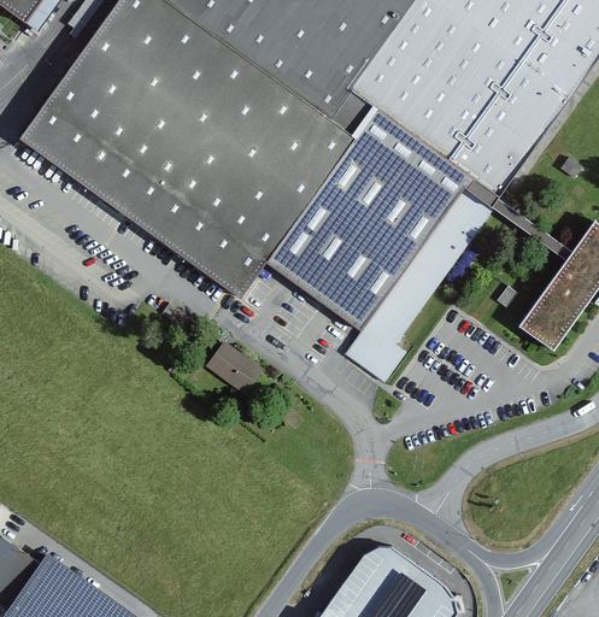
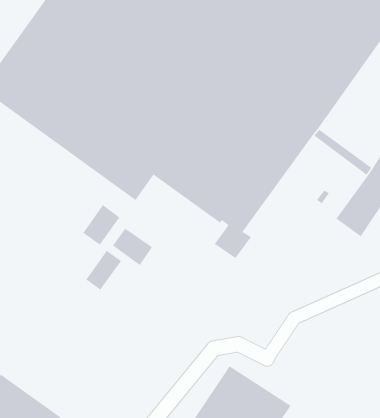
building: none -> [82,204,120,245]
building: none -> [86,250,122,290]

